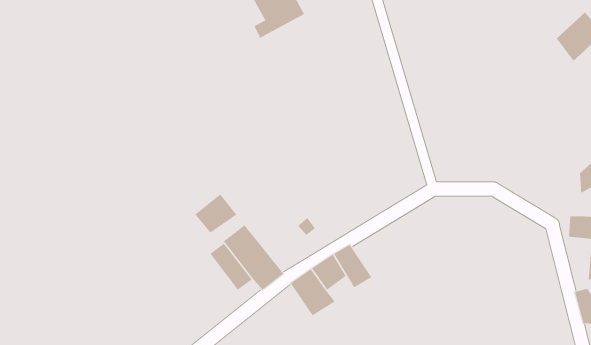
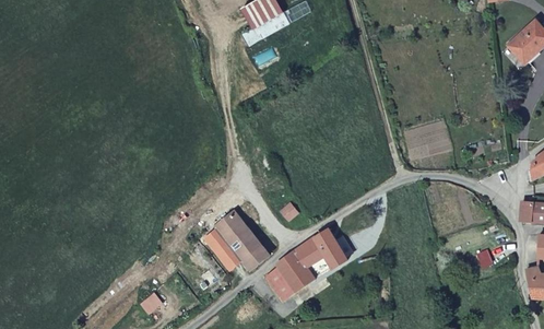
building: [194,194,237,233] -> none
building: none -> [263,265,294,301]

